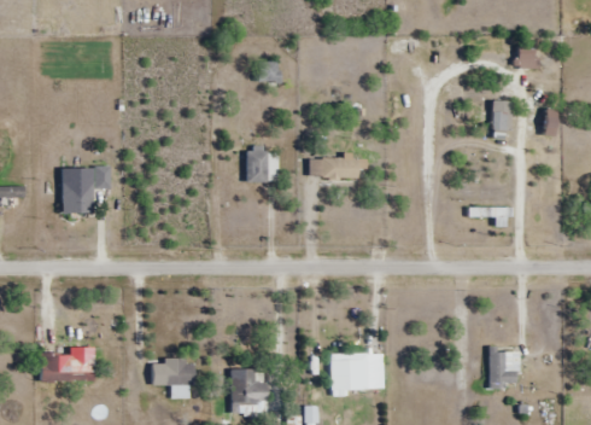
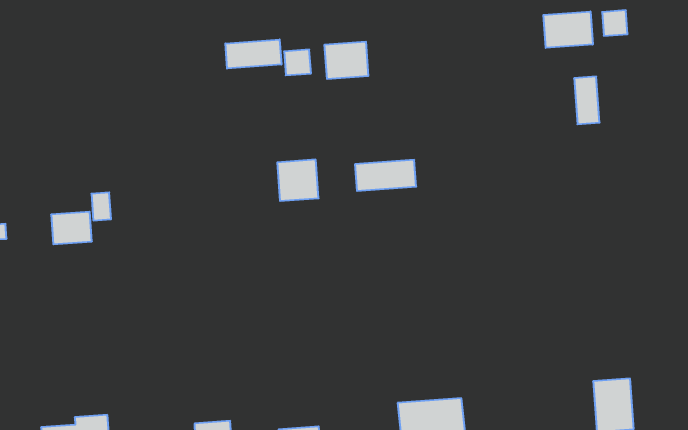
building: none -> [543,11,593,48]
building: none -> [225,39,281,69]
building: none -> [325,42,368,79]

